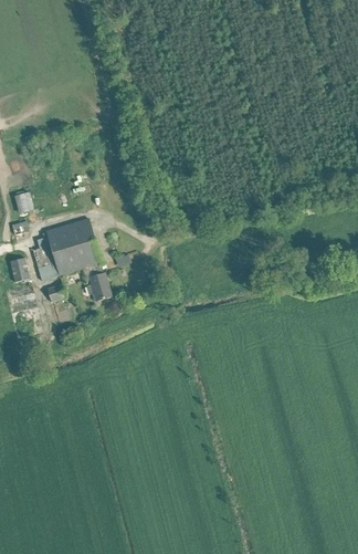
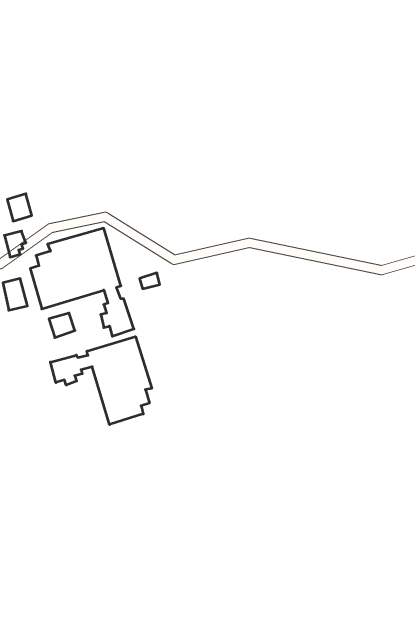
building: none -> [50,337,152,425]

